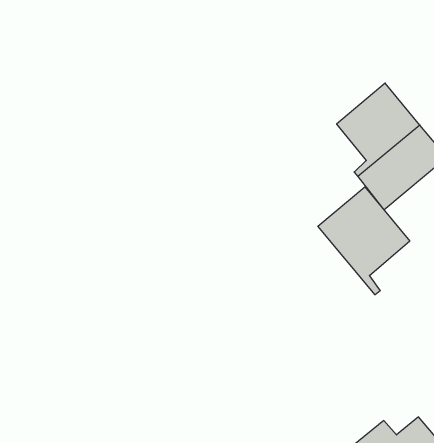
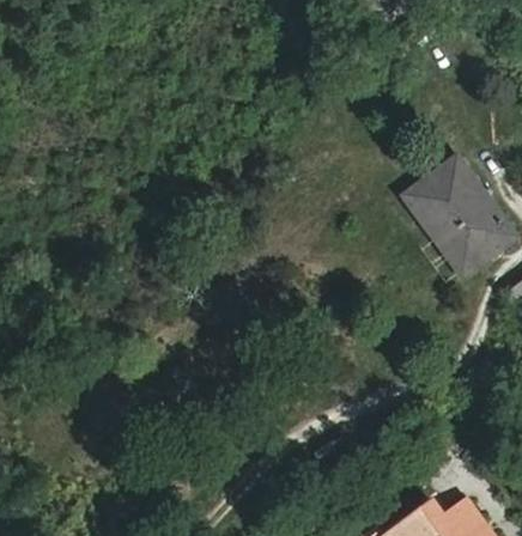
building: [318,187,410,295] -> none

